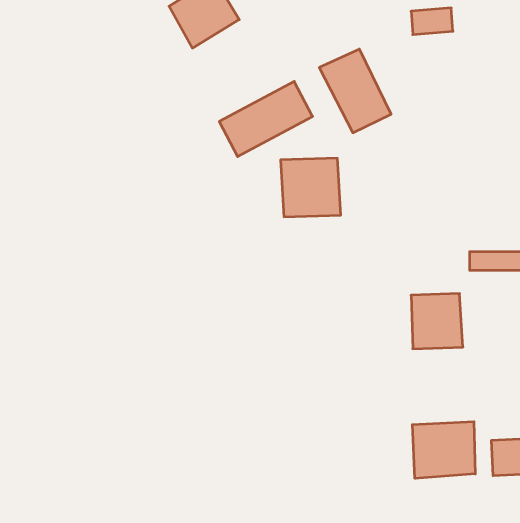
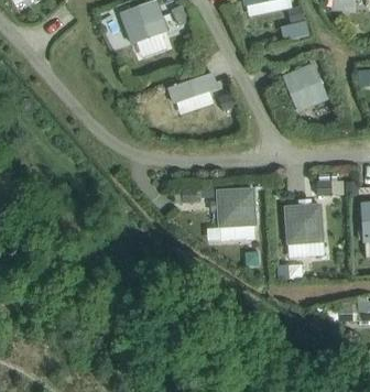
building: [319,49,391,133] -> [283,63,330,118]
building: [281,158,341,217] -> [214,192,253,230]
building: [412,422,475,478] -> none

